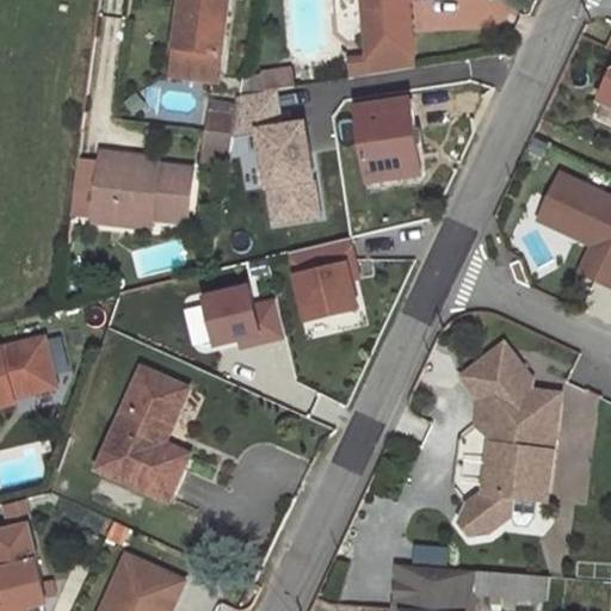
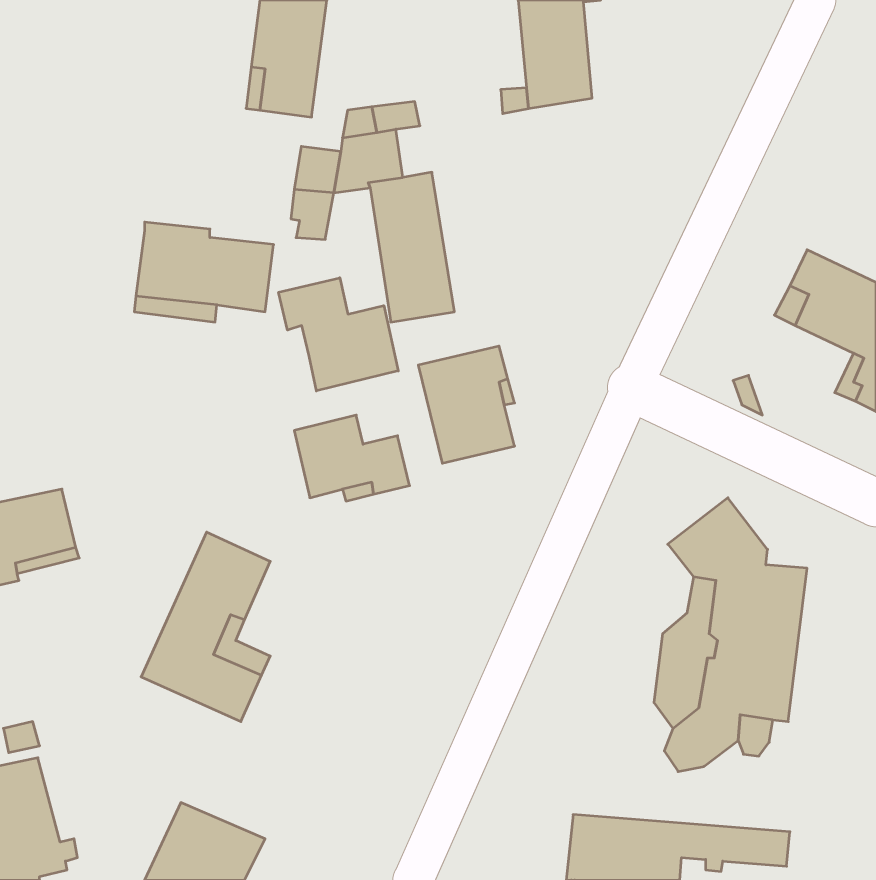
building: [356,100,420,181] -> none
building: [68,158,100,216] -> none
building: none -> [279,278,398,391]

